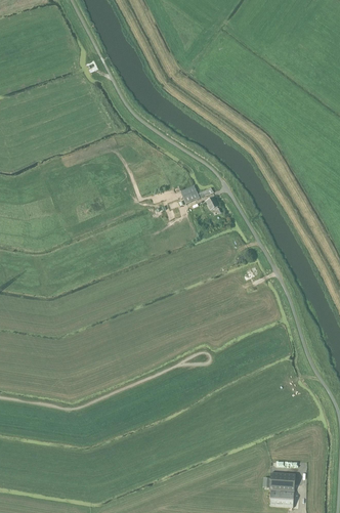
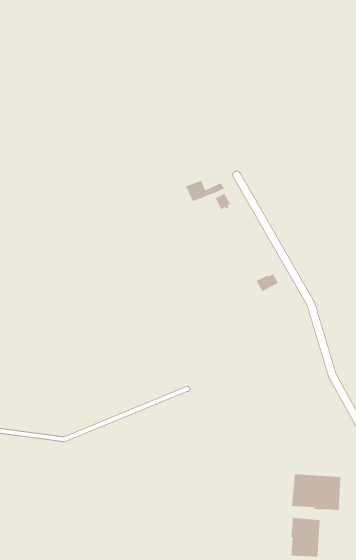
building: none -> [292,473,341,511]

